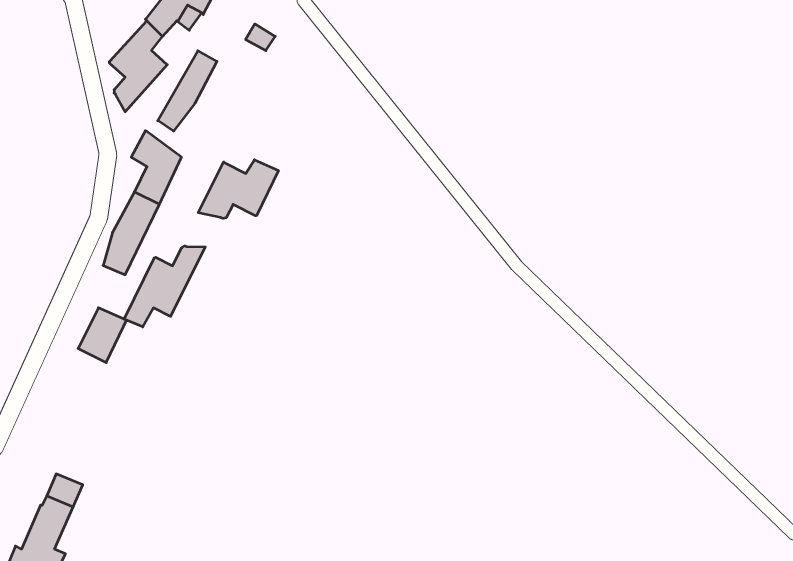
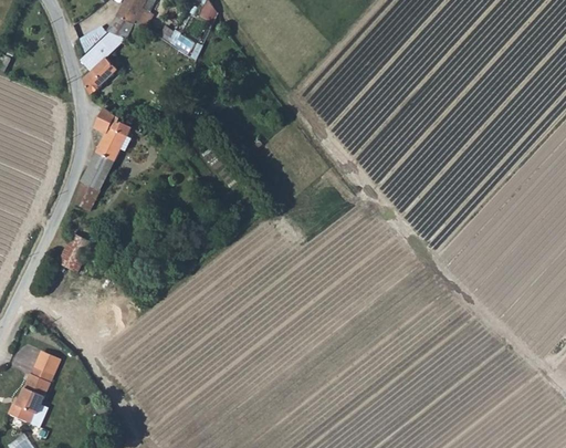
building: [158,51,217,131] -> none
building: [198,160,278,218] -> none
building: [124,246,205,327] -> none

